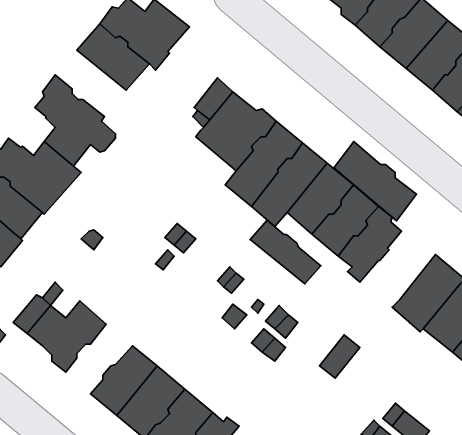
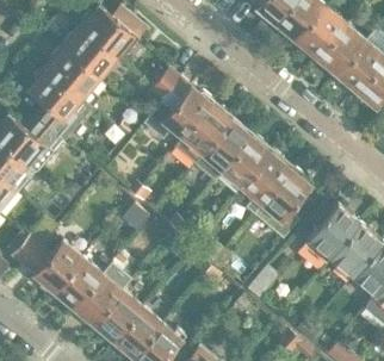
building: none -> [43,46,98,98]
building: [334,141,416,221] -> none
building: [250,220,321,284] -> none
building: none -> [51,257,103,311]

